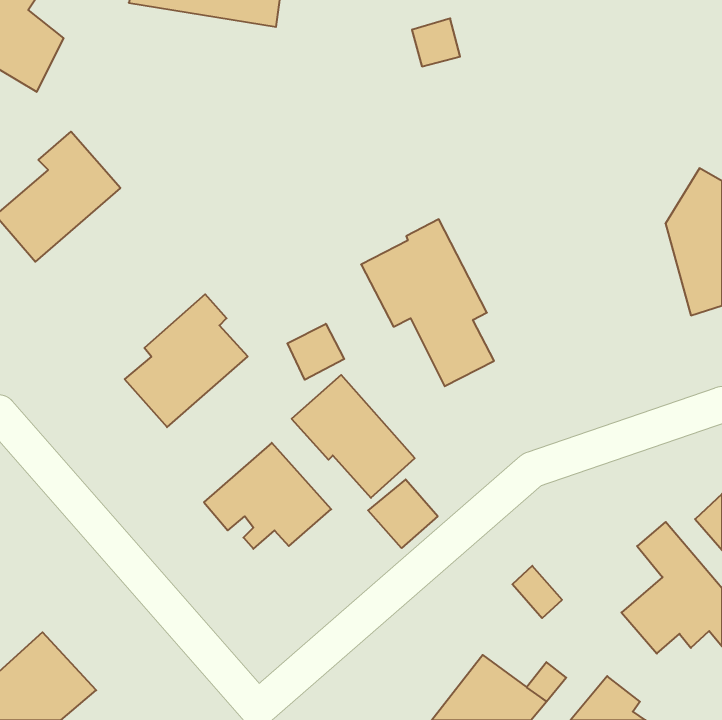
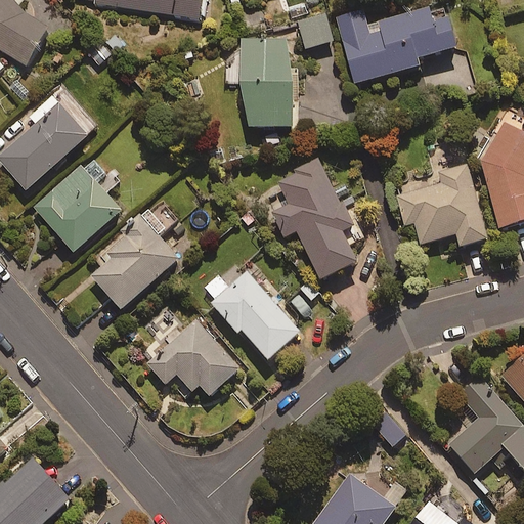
building: none -> [337,7,456,83]
building: none -> [233,39,293,128]
building: none -> [34,156,122,252]
building: none -> [399,164,486,247]
building: [287,324,344,380] -> none
building: [368,479,438,548] -> none

